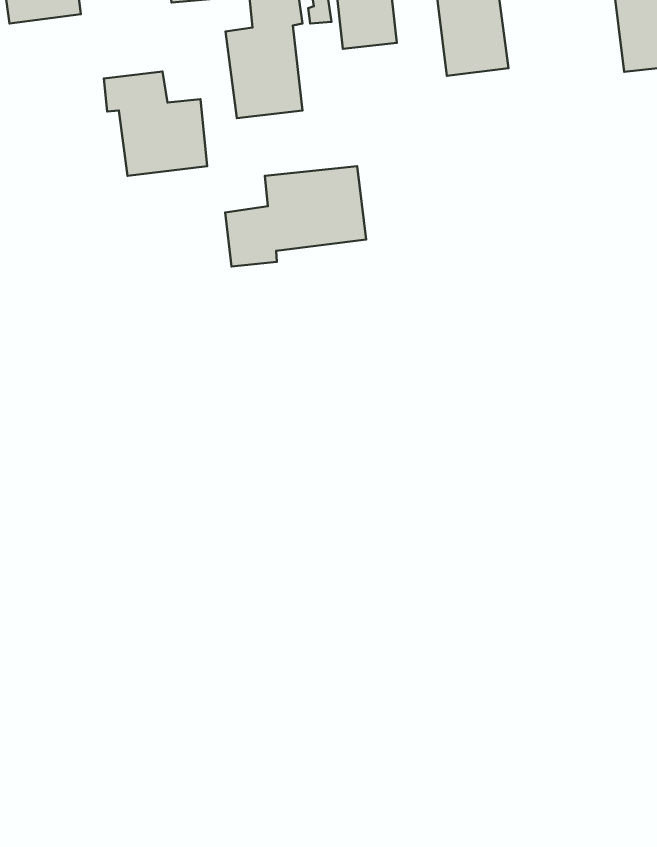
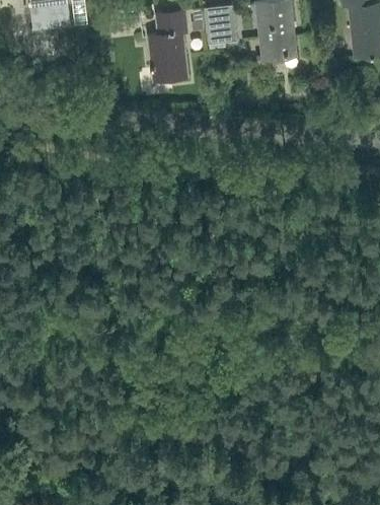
building: [104,71,207,176] -> none
building: [225,166,366,266] -> none

